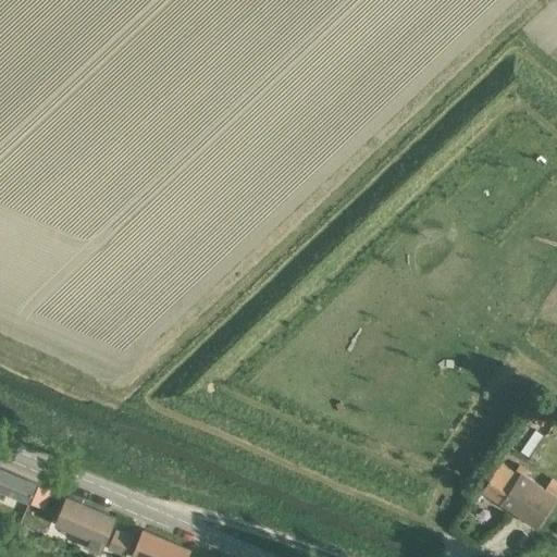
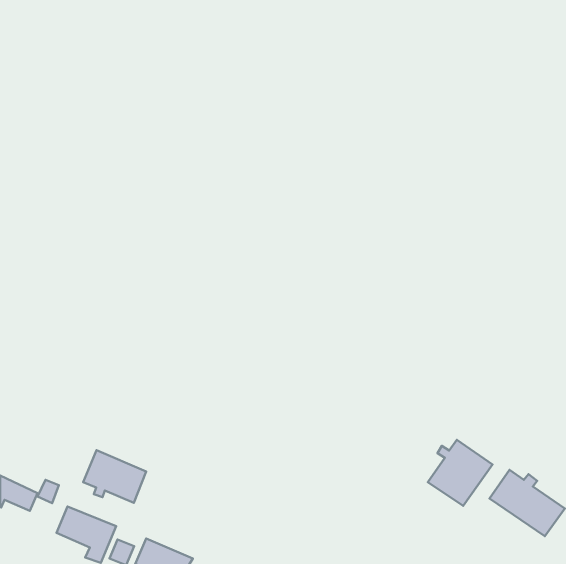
building: none -> [428,440,493,506]
building: none -> [83,450,146,503]

